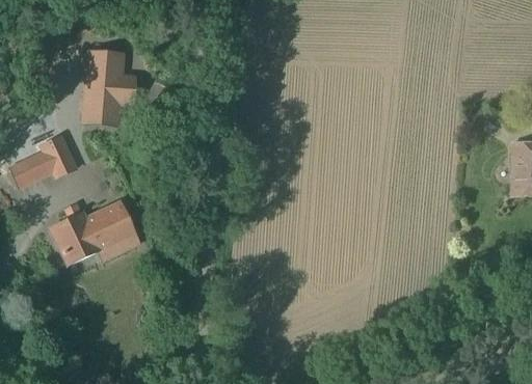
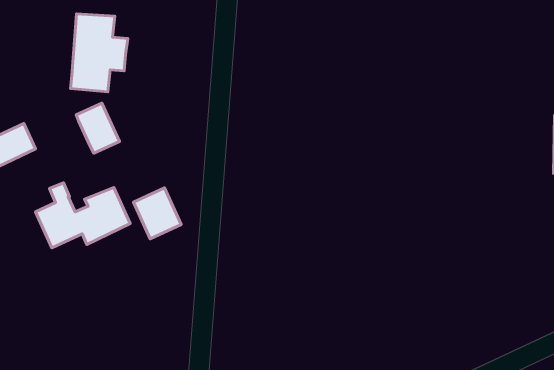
building: [39,134,78,179] -> [76,103,119,153]
building: none -> [134,188,181,239]

